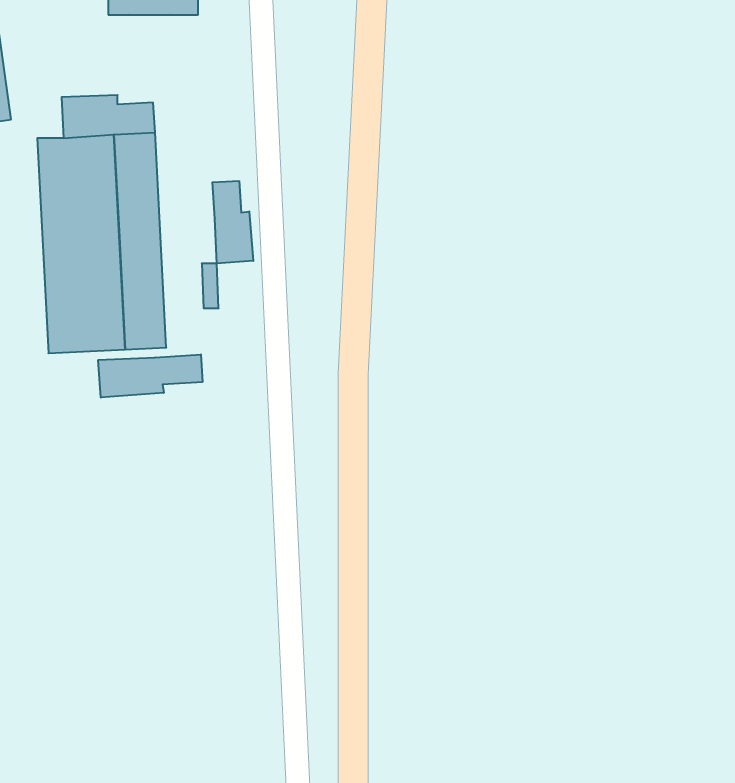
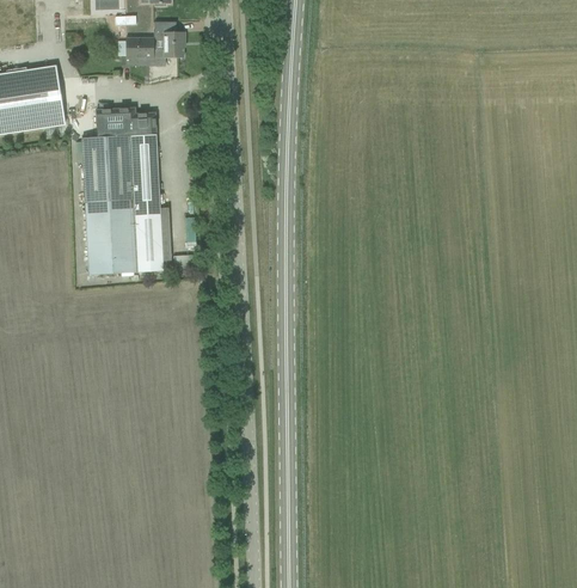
building: [212,181,253,263] -> none
building: [98,354,202,398] -> none

